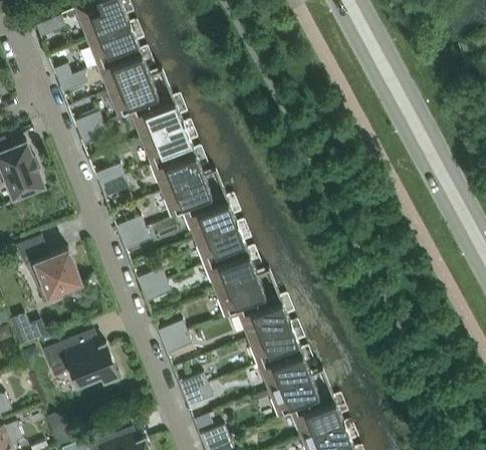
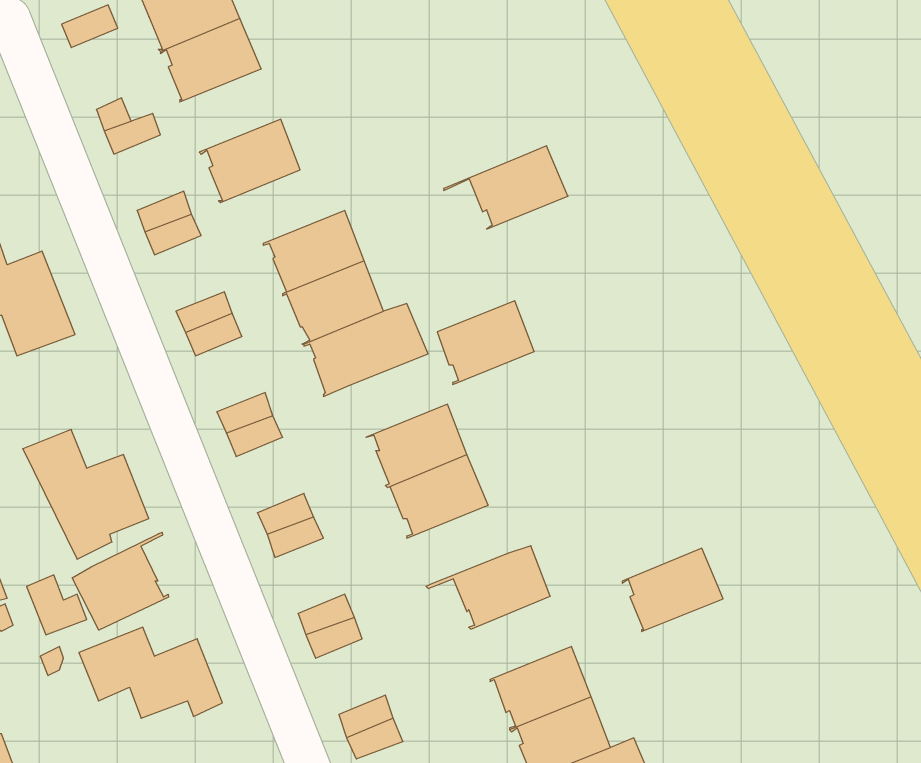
building: [97,49,150,92] -> none
building: [118,96,183,140] -> [444,146,568,229]
building: [186,197,236,240] -> [437,301,534,384]
building: [215,275,267,316] -> none
building: none -> [72,532,168,630]
building: [248,322,300,366] -> [622,548,723,632]

